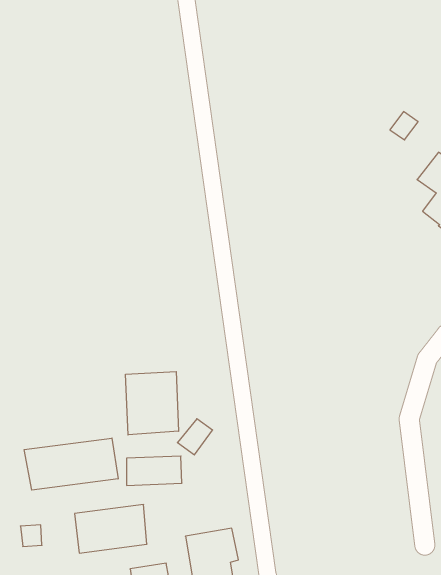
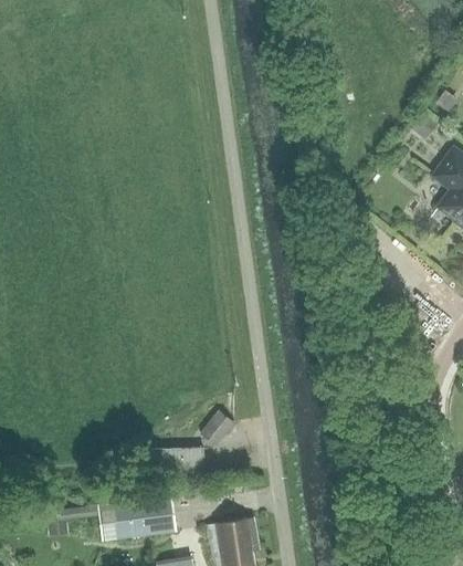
building: [126,372,179,435] -> none
building: [24,438,118,490] -> none

